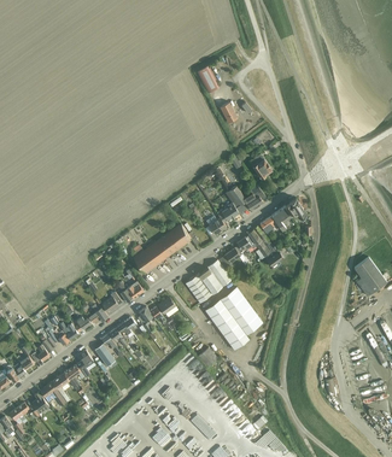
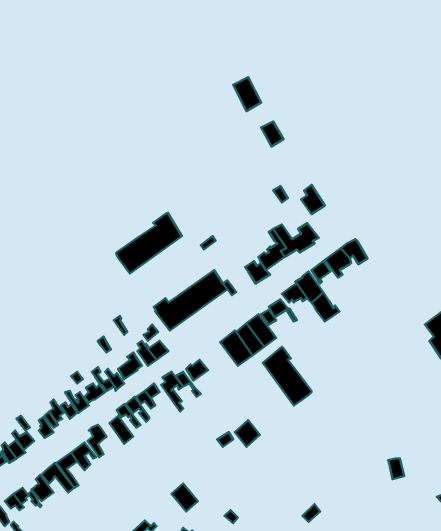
building: none -> [116,213,182,273]
building: [204,300,248,350] -> none

